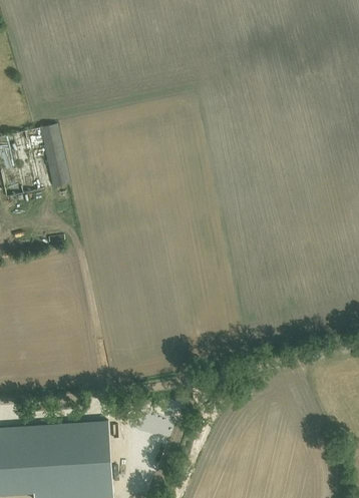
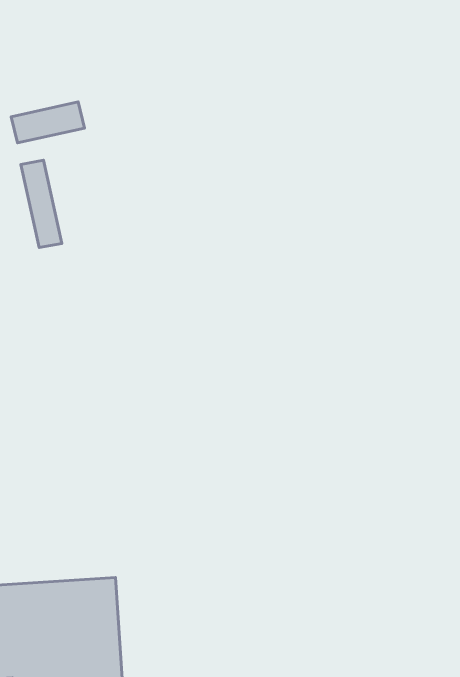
building: none -> [11,102,84,143]

